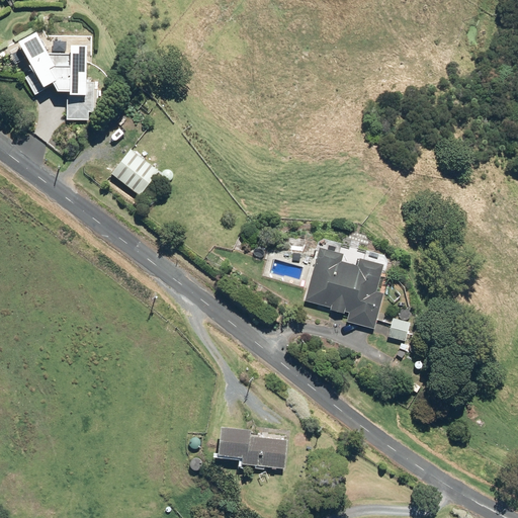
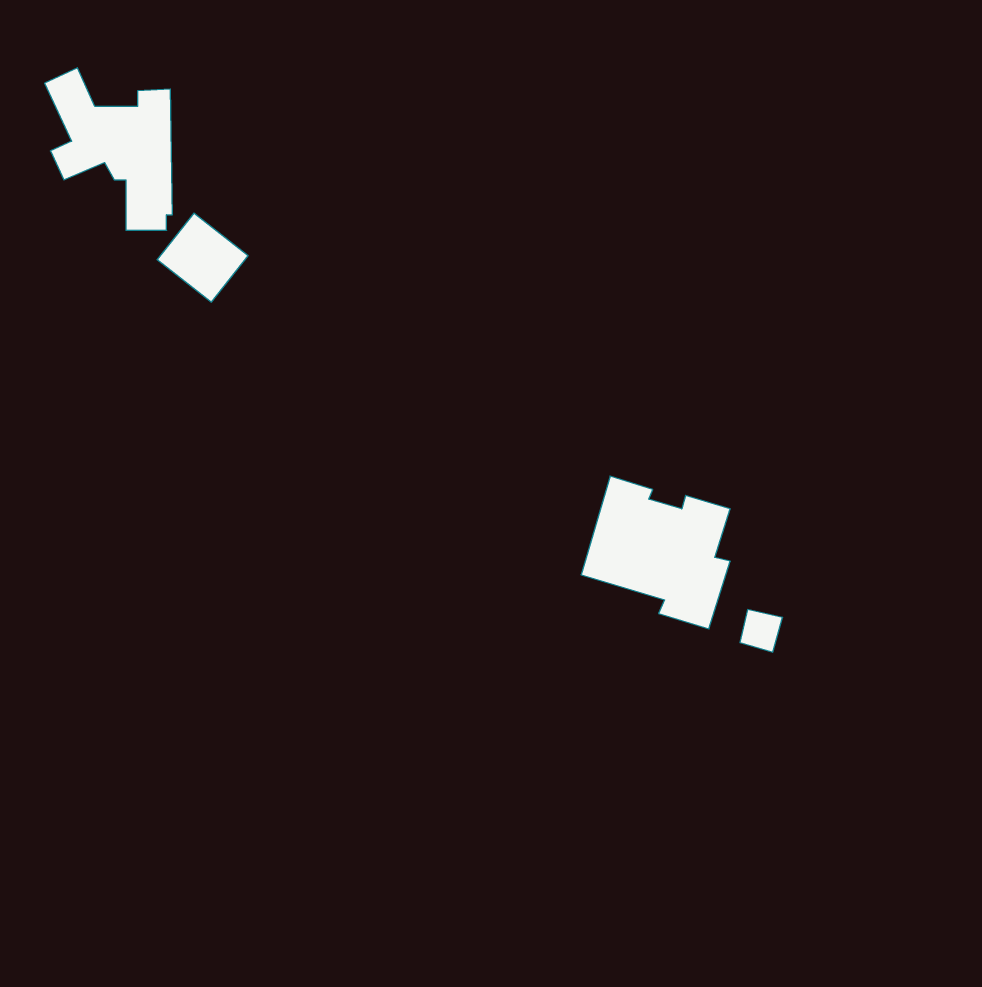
building: [109,150,157,196] -> [157,213,248,302]
building: [217,426,286,467] -> none

